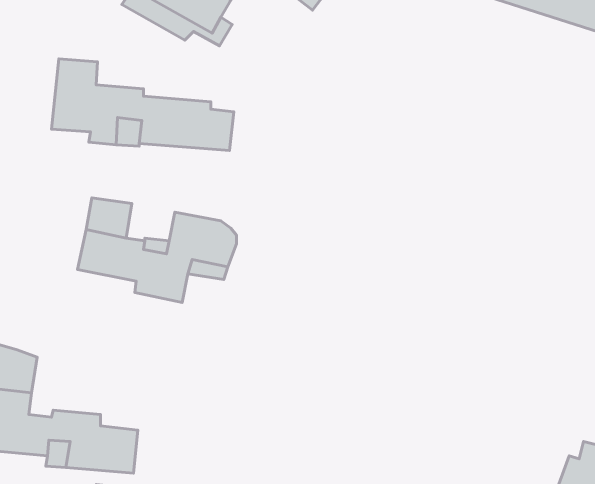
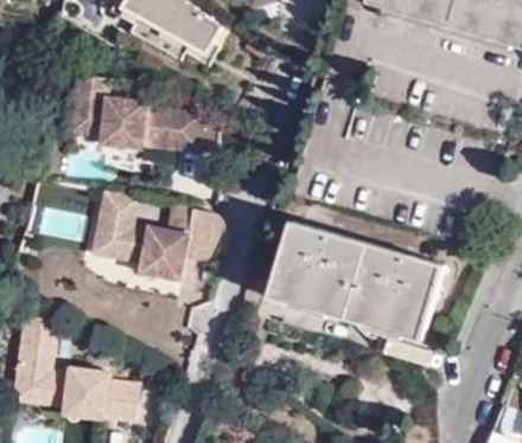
building: none -> [270,218,445,342]

